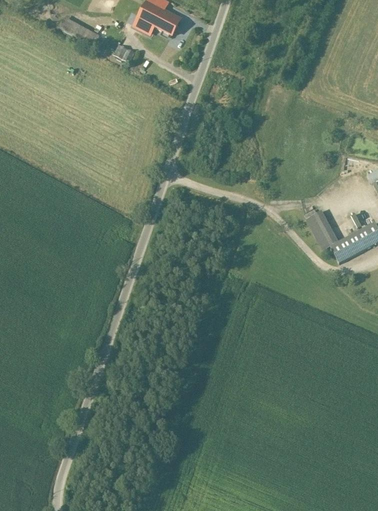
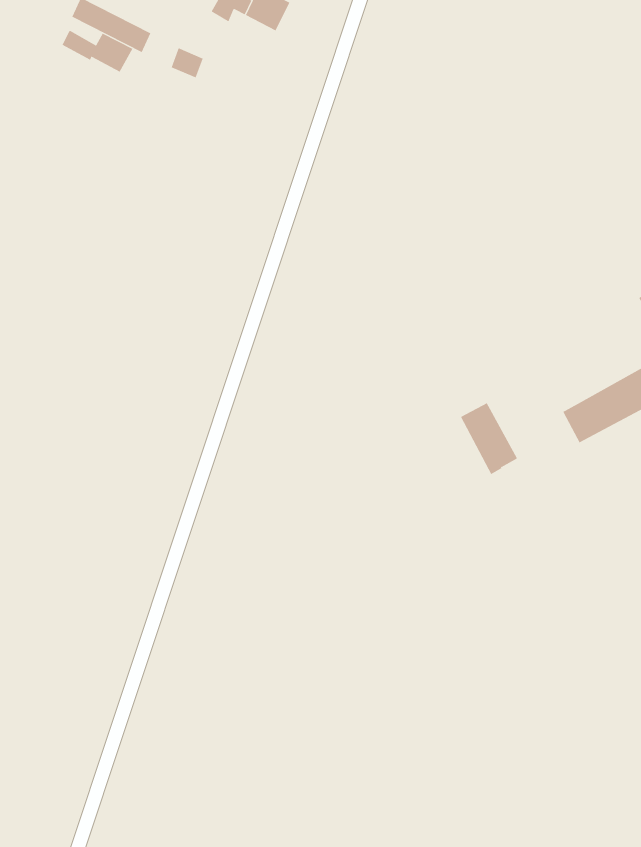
building: none -> [62,30,133,73]
building: [306,210,338,250] -> [460,403,518,475]

